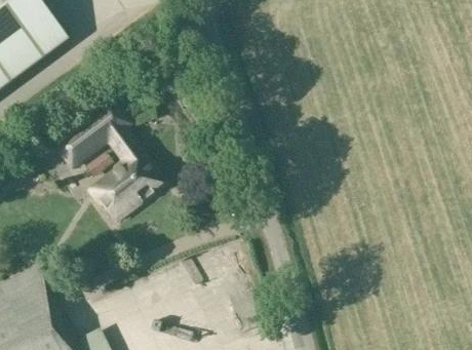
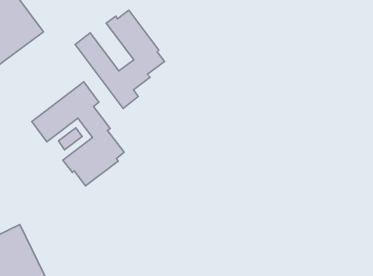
building: none -> [75,10,164,108]

